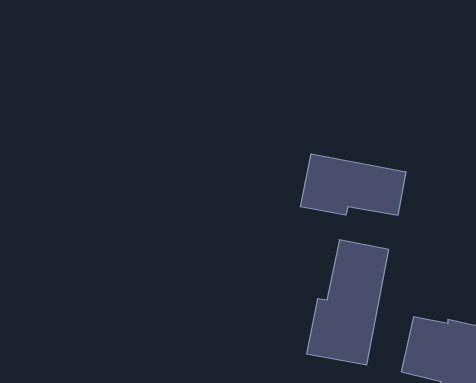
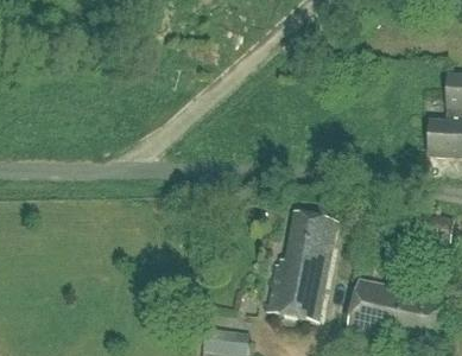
building: [300,154,406,215] -> none

